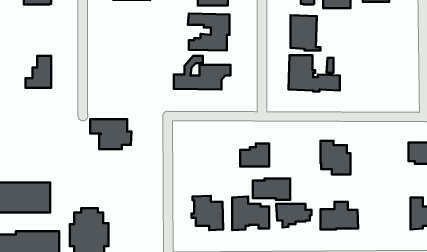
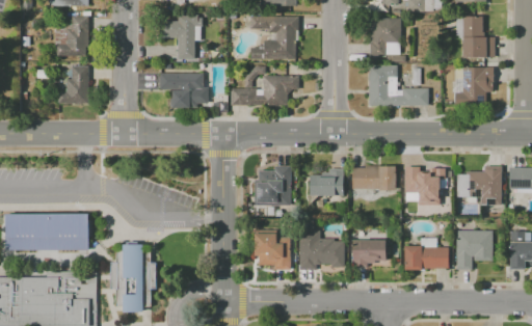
building: none -> [163,16,201,59]
building: none -> [54,17,87,56]
building: none -> [455,18,494,58]
building: none -> [454,69,494,111]
building: [90,119,132,149] -> [159,74,208,109]
building: none -> [456,166,501,206]
building: none -> [254,167,290,207]
building: [253,179,290,200] -> [352,166,396,191]
building: none -> [456,230,493,270]

